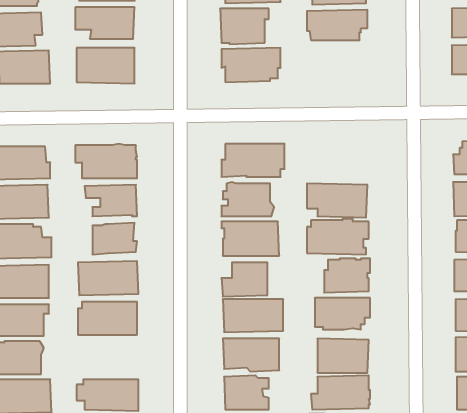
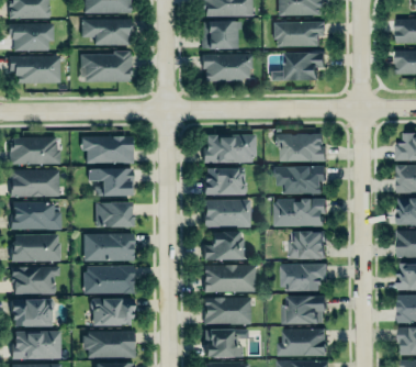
building: none -> [270,54,325,82]
building: none -> [276,132,326,162]
building: none -> [90,297,134,325]

